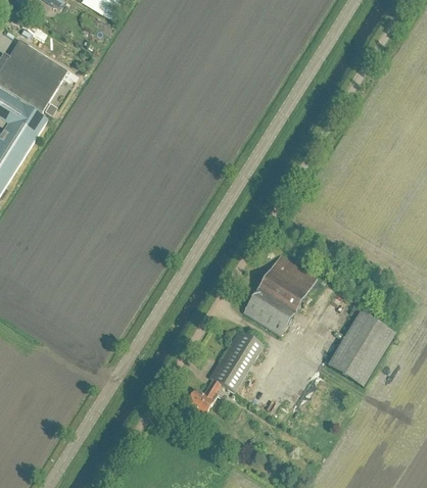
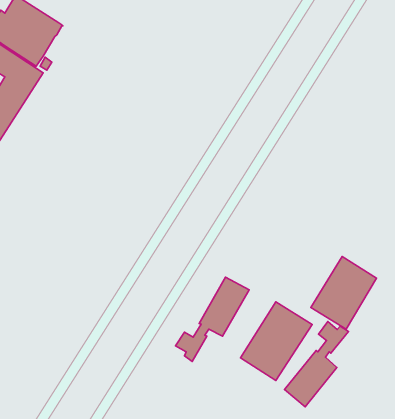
building: [241,253,316,335] -> [241,302,312,380]
building: none -> [284,322,348,407]

